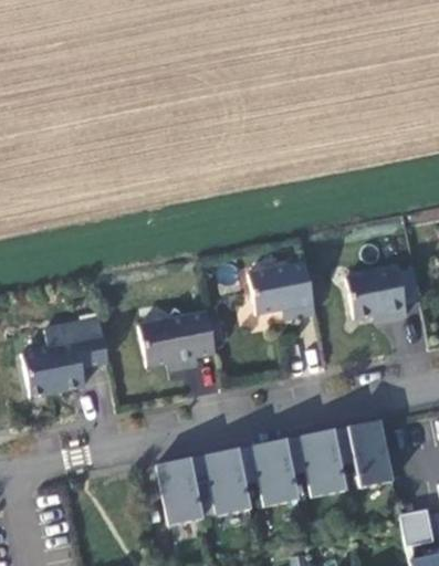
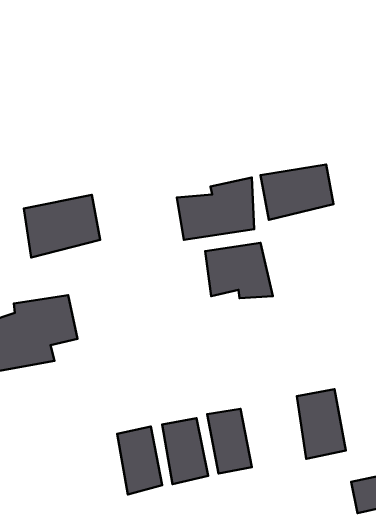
building: none -> [177,178,254,240]
building: [346,265,424,324] -> [260,165,334,220]
building: [138,308,219,375] -> [24,195,100,257]
building: [294,427,345,500] -> none

